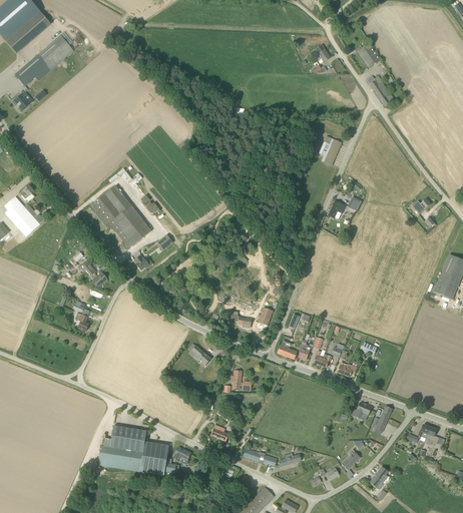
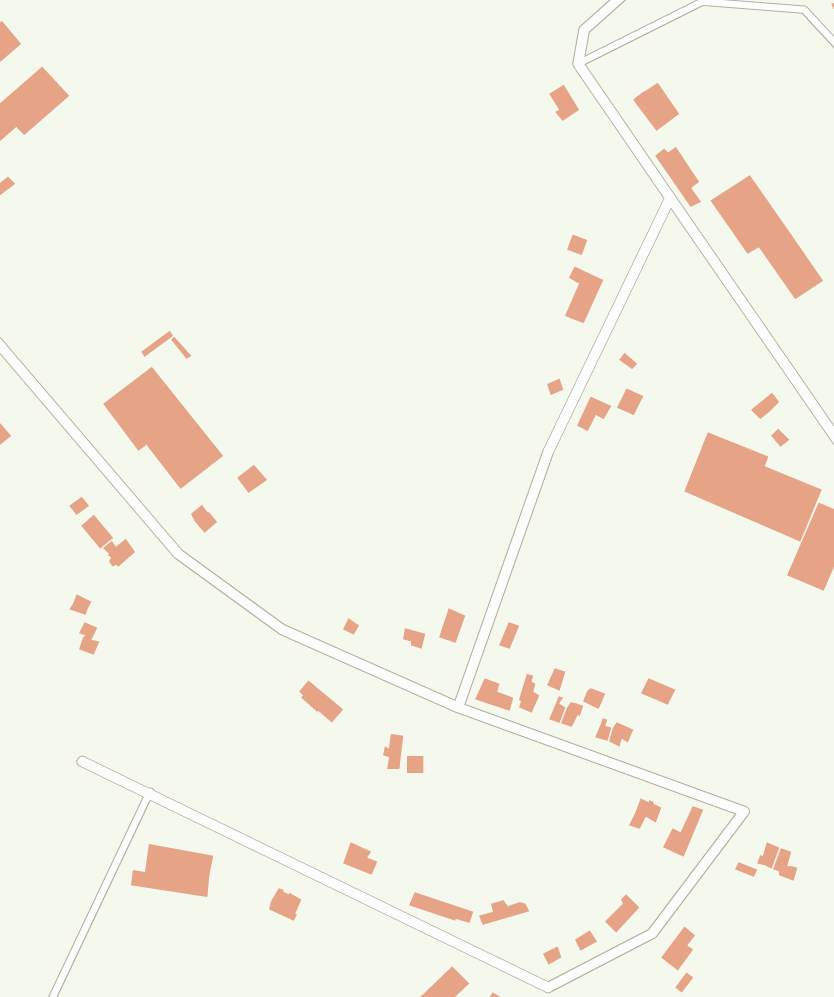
building: none -> [710,174,824,300]
building: none -> [683,432,822,543]
building: [99,441,176,475] -> none

